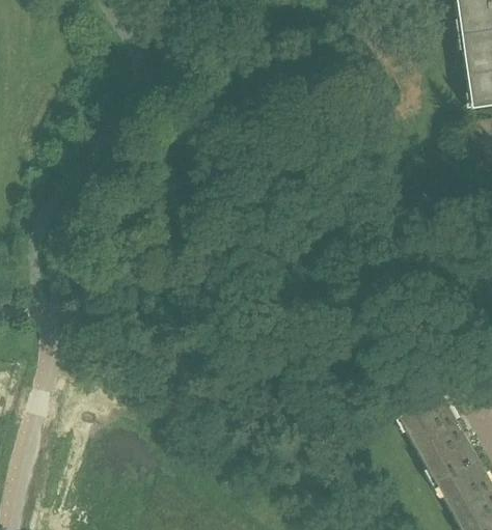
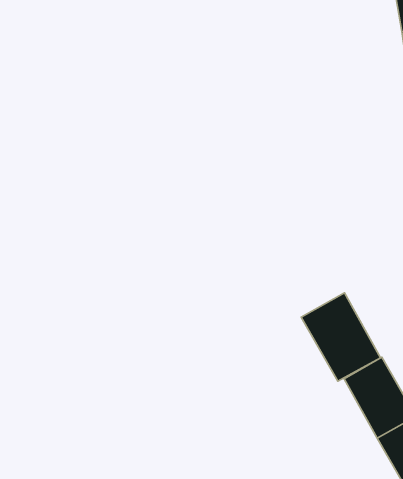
building: none -> [301,293,380,381]

